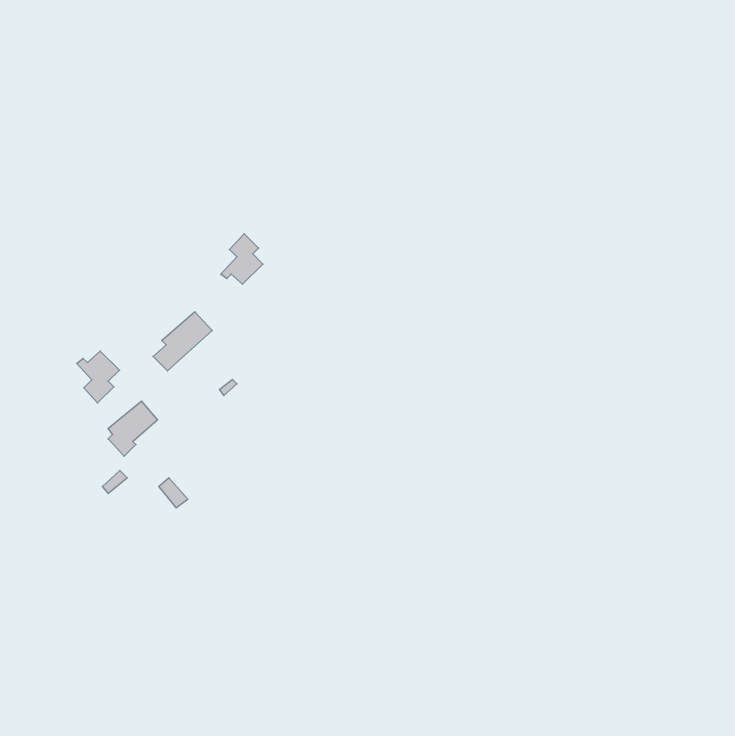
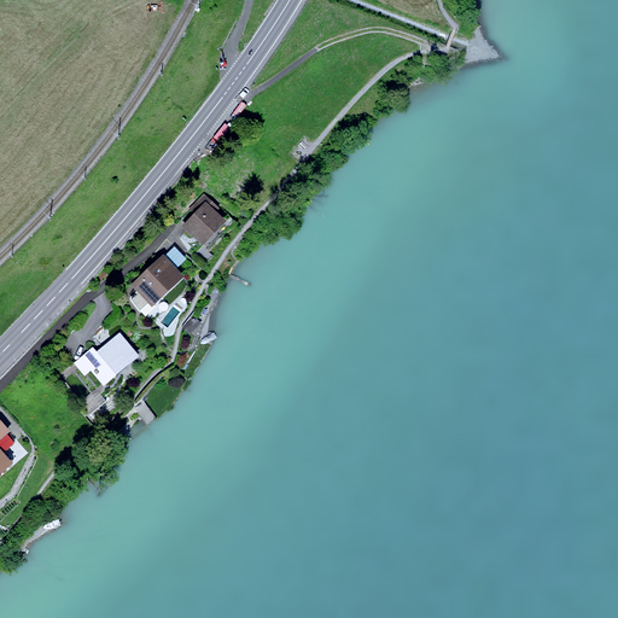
building: [77,351,120,403] -> none

